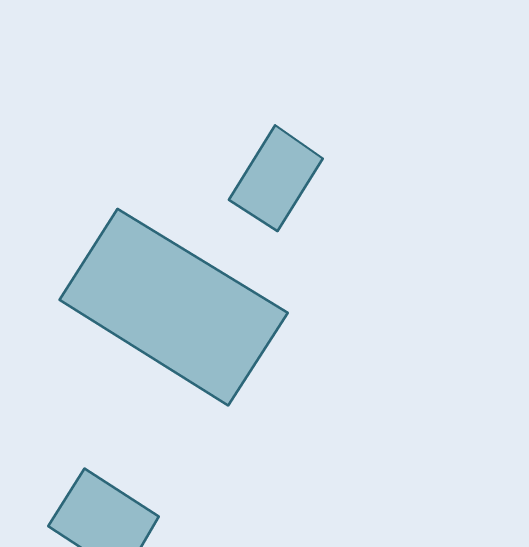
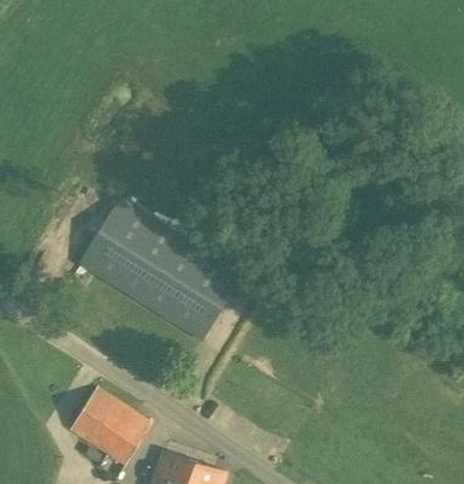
building: [229,125,323,231] -> none

